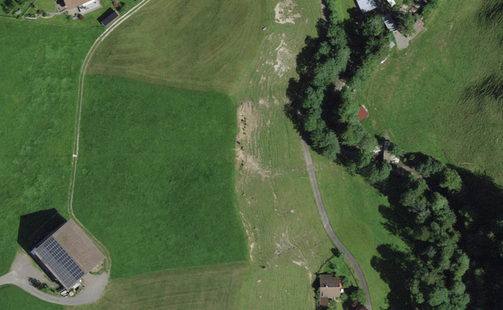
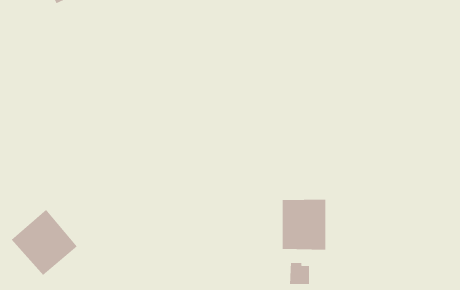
building: none -> [282,199,326,250]

